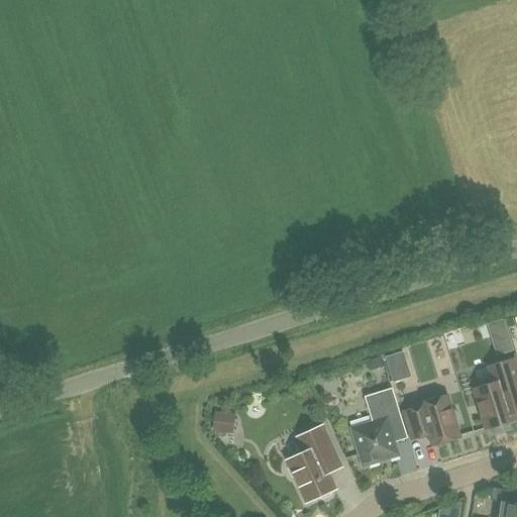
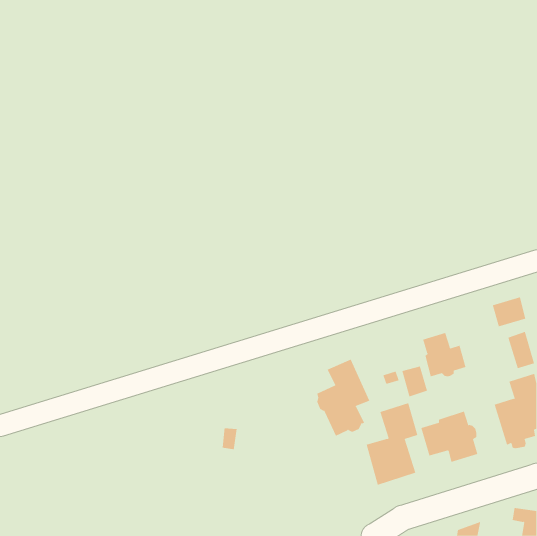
building: none -> [492,296,526,327]
building: none -> [423,332,466,377]
building: [289,426,340,501] -> [316,359,370,437]

